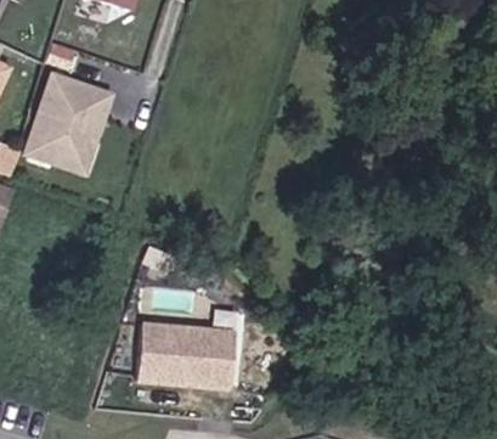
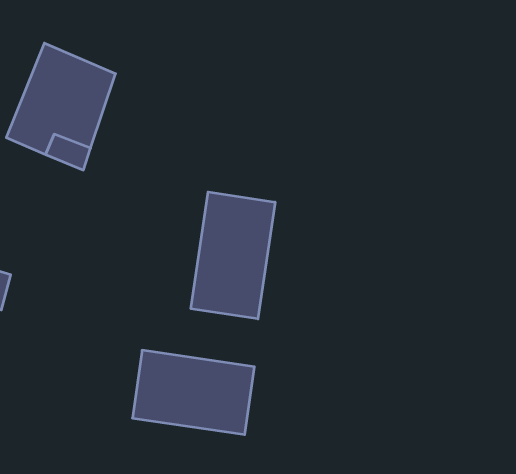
building: none -> [191,192,275,319]

